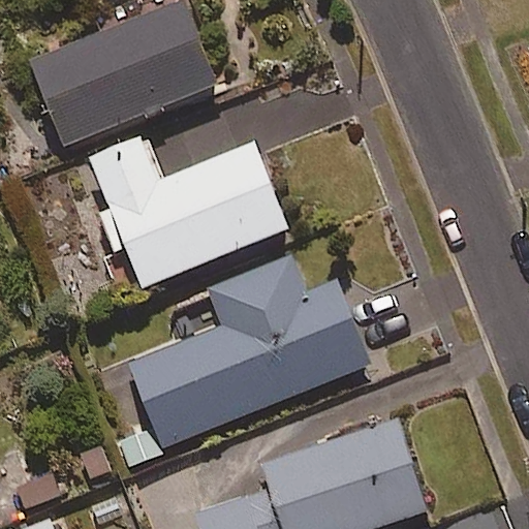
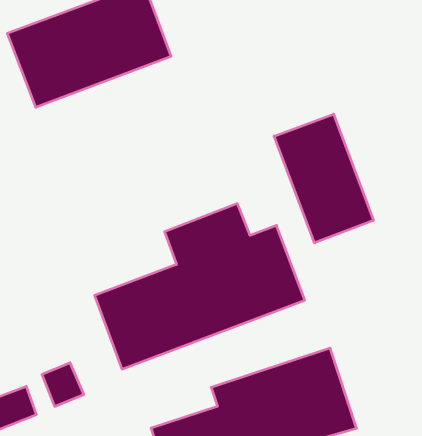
building: [89,141,287,288] -> none
building: none -> [274,114,373,243]

